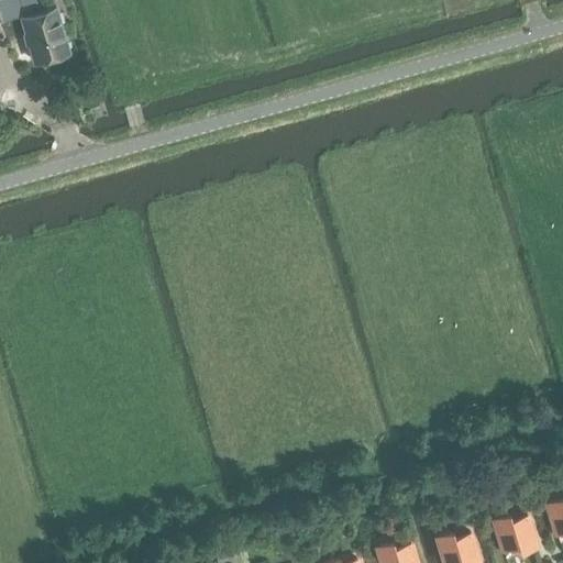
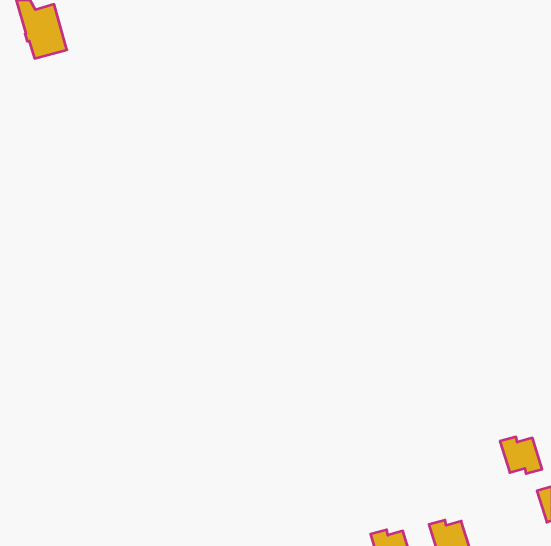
building: [495,518,538,555] -> [500,437,542,474]

